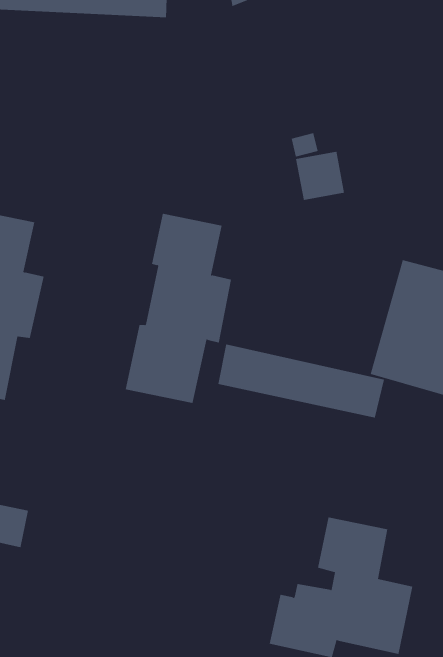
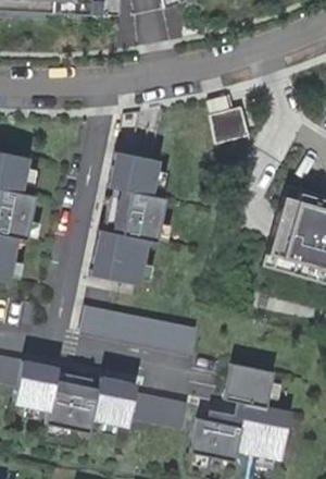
building: [218,344,385,418] -> [86,298,203,351]
building: none -> [14,360,189,439]

